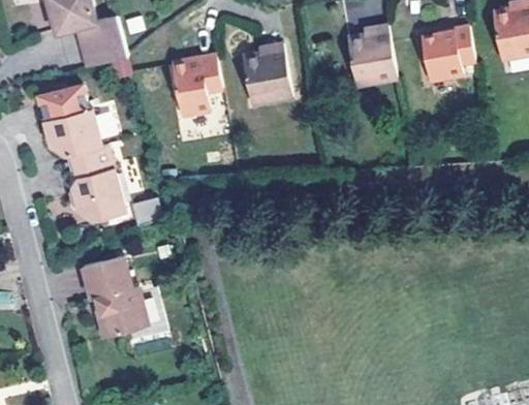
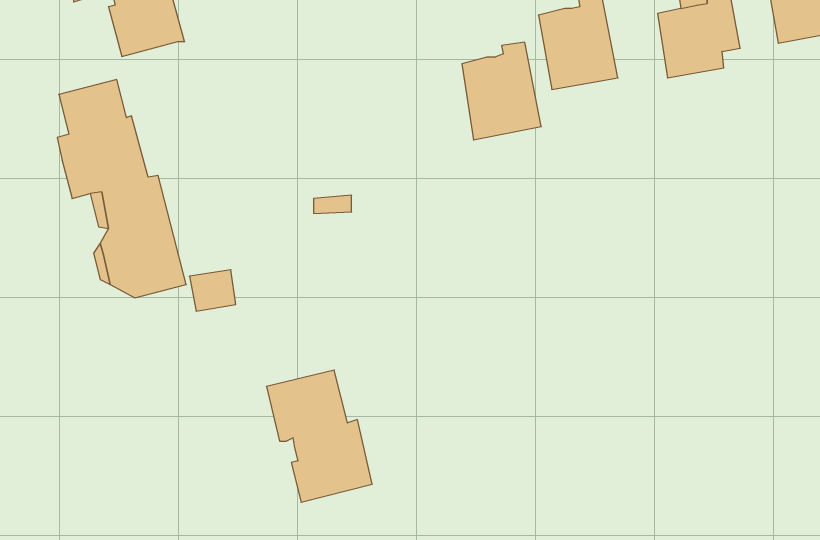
building: [242,43,291,104] -> [462,42,541,140]
building: [167,54,224,110] -> none
building: [84,254,150,337] -> [266,370,372,502]

